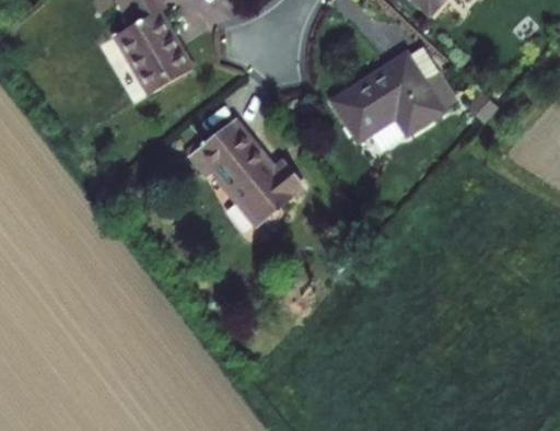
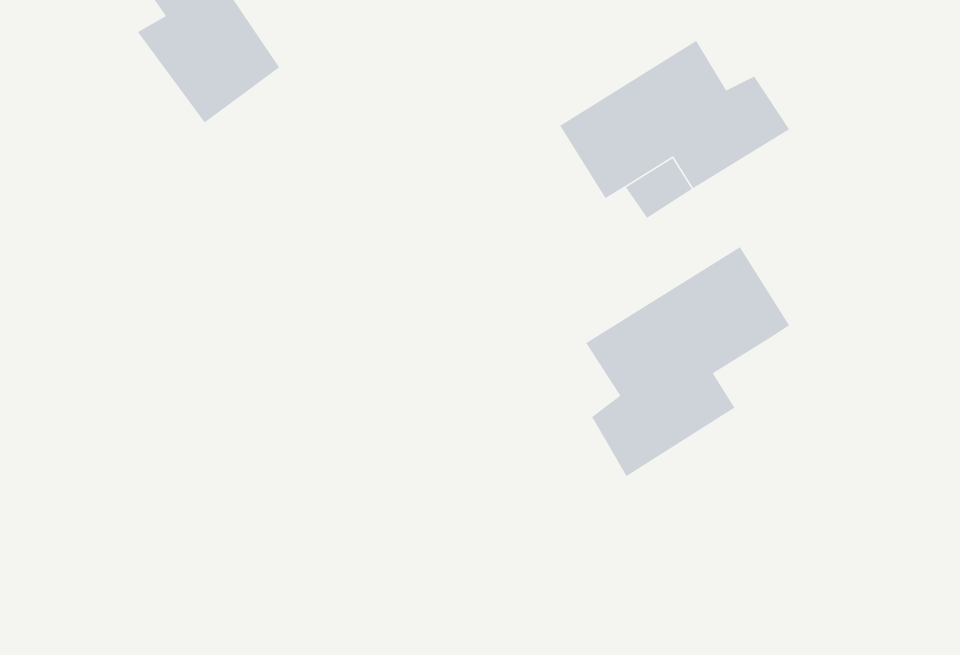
building: [176,121,295,230] -> none
building: none -> [585,246,790,477]

